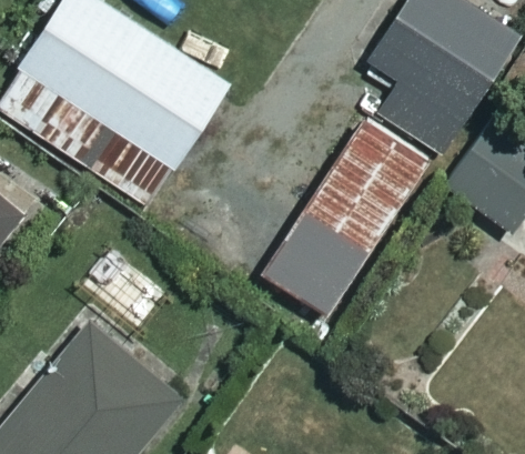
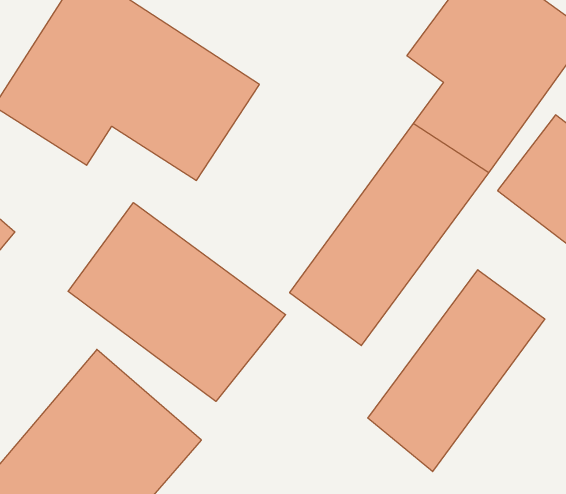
building: none -> [68,203,286,401]
building: none -> [368,270,545,472]

